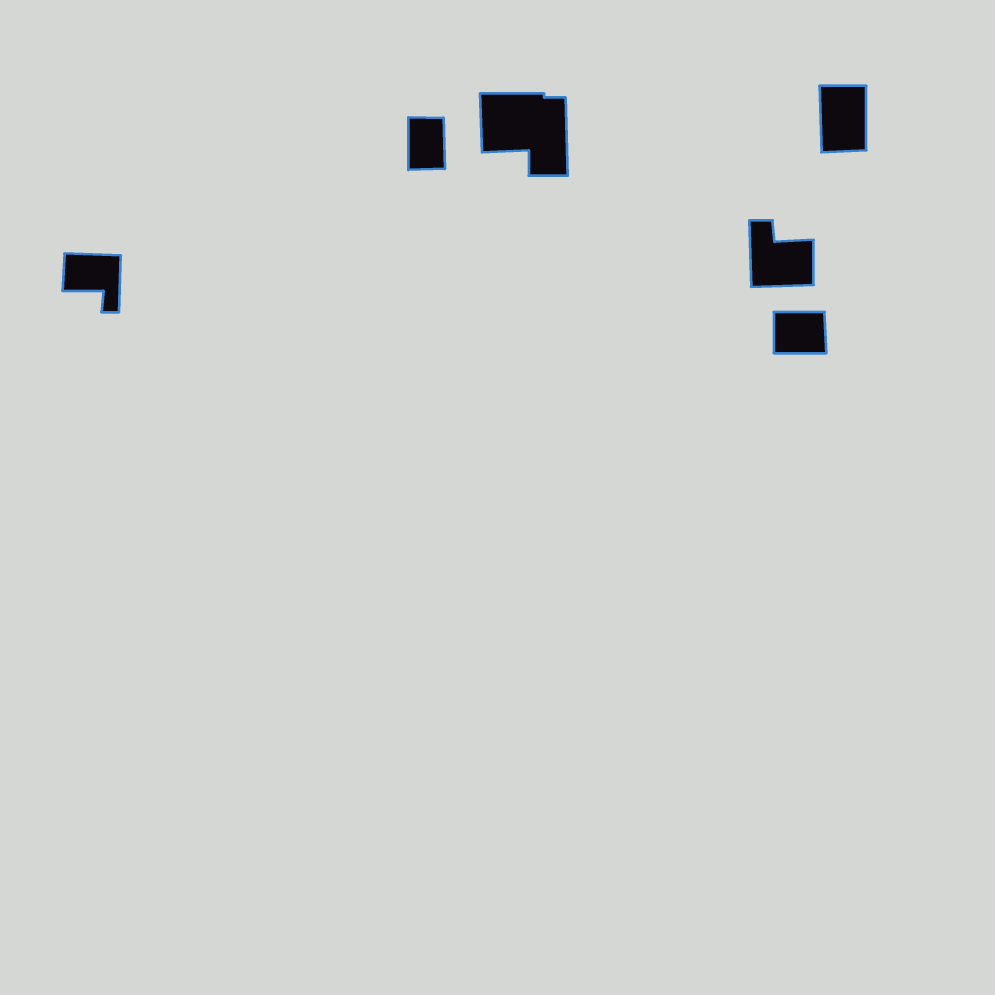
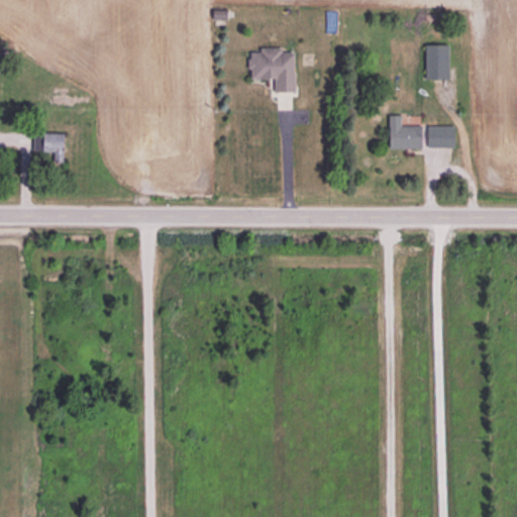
building: [408,117,445,170] -> none
building: [774,312,826,353] -> [428,126,455,147]

